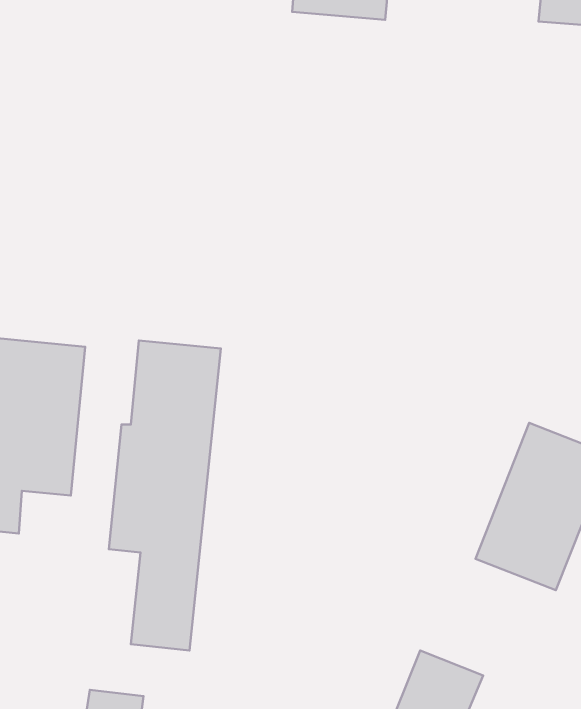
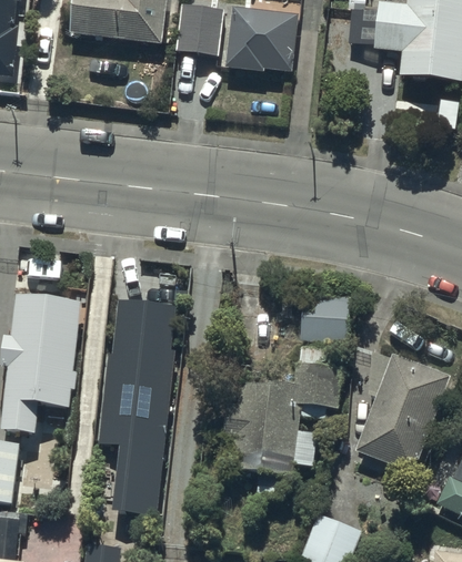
building: none -> [301,295,350,344]
building: none -> [224,362,341,476]

